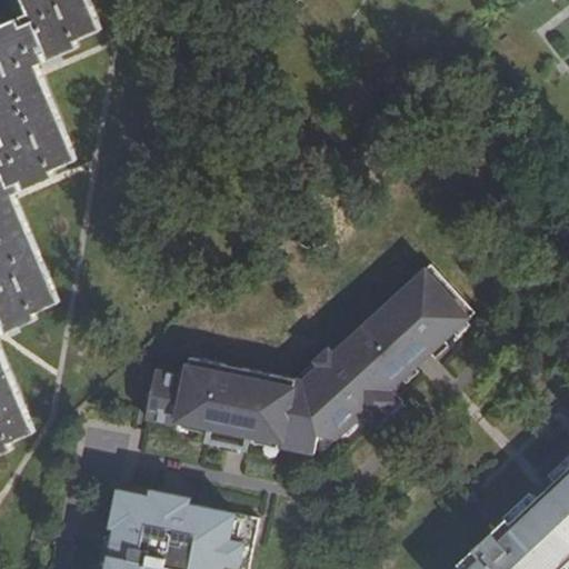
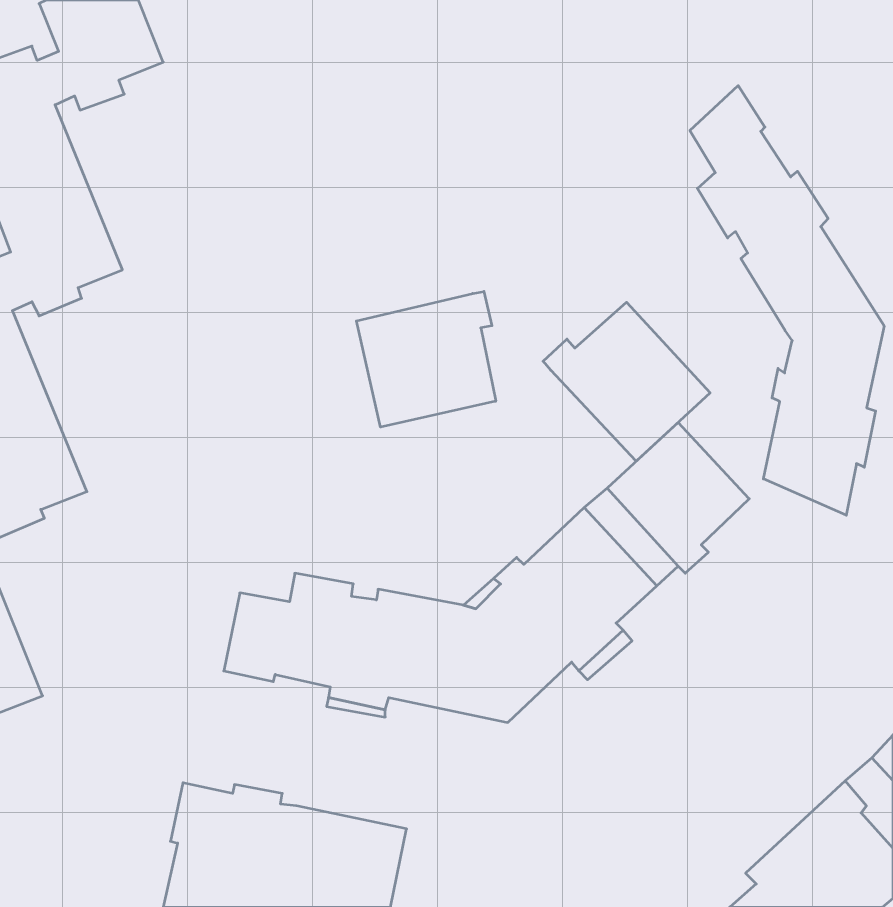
building: none -> [690,86,884,515]
building: none -> [356,291,496,427]
building: none -> [543,302,710,461]

